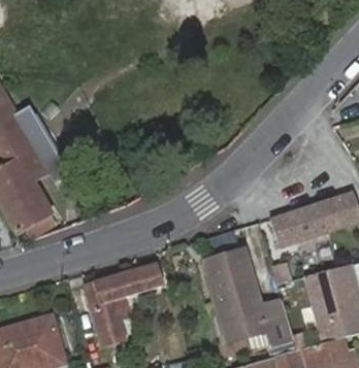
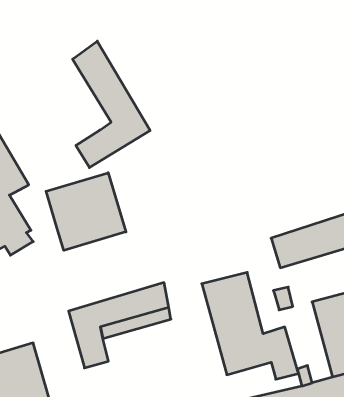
building: none -> [73,41,150,168]
building: none -> [46,173,126,250]

